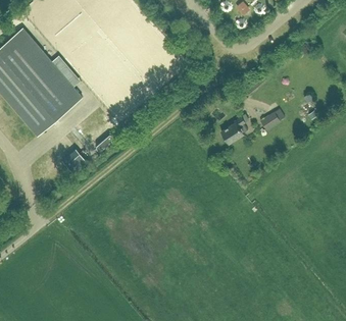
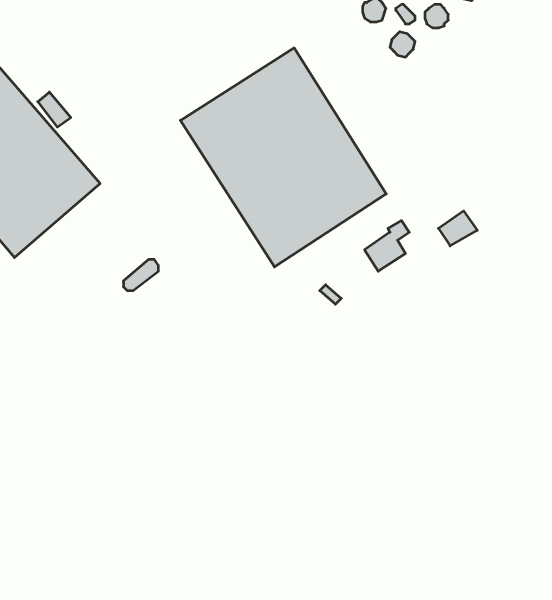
building: none -> [180,48,386,267]

